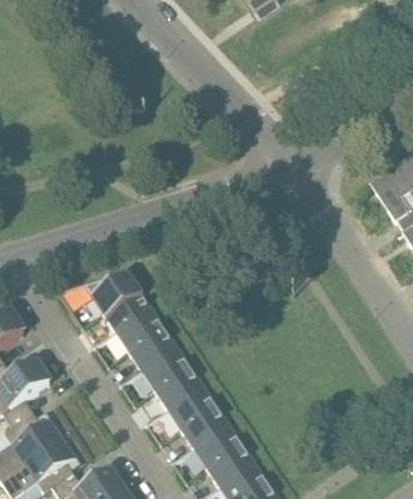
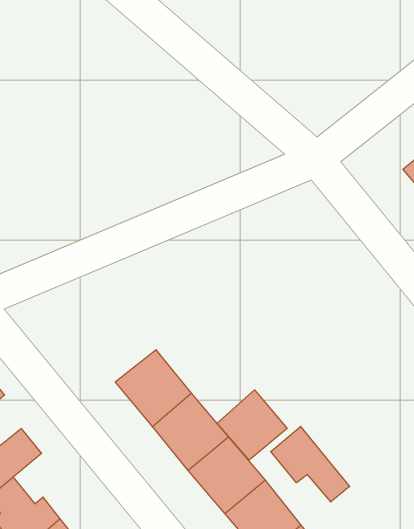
building: [83,271,151,330] -> none
building: none -> [217,390,287,460]
building: none -> [271,426,350,502]

